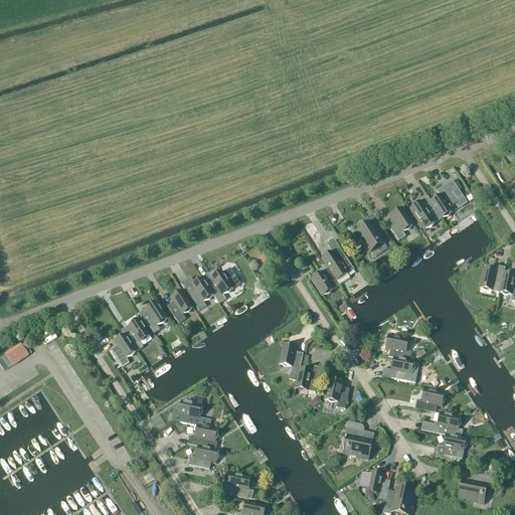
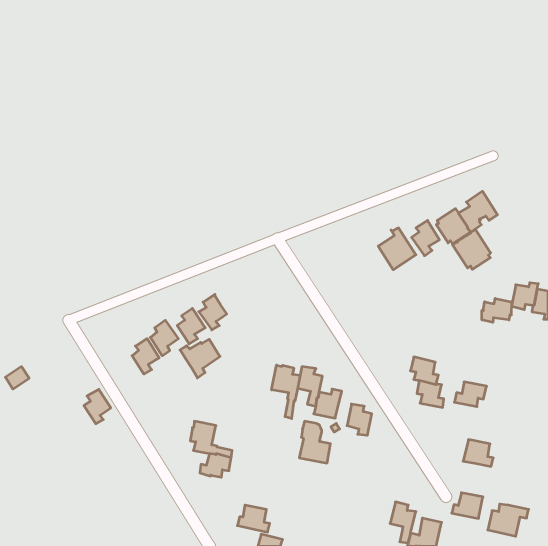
building: none -> [453,229,491,269]
building: [310,246,353,295] -> none
building: [201,267,238,303] -> [180,339,220,378]
building: none -> [482,298,512,322]
building: [110,333,135,365] -> [84,389,111,424]
building: none -> [272,365,300,419]
building: [413,388,444,411] -> [454,382,487,407]
building: [342,418,371,458] -> [299,421,330,463]
building: [436,434,465,458] -> [452,493,483,518]
building: [188,445,217,468] -> none

